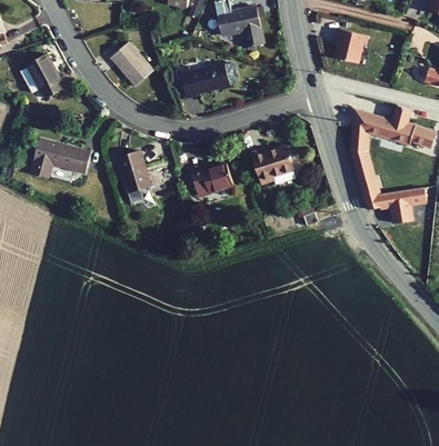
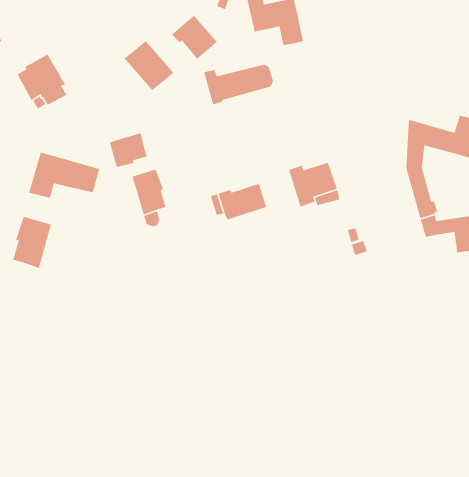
building: none -> [171,15,218,60]
building: [333,27,367,61] -> none
building: none -> [109,132,148,168]
building: none -> [12,216,52,269]

